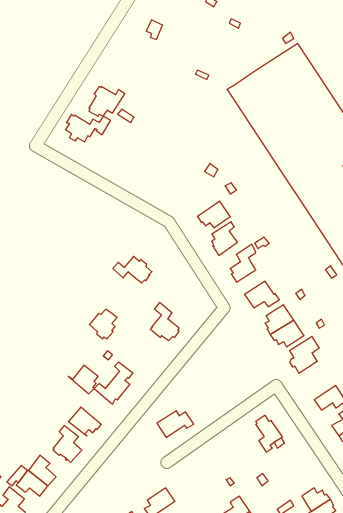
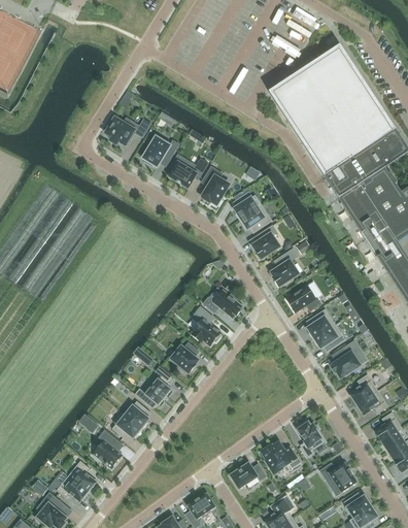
building: [89,87,125,116] -> [143,136,179,166]
building: none -> [169,154,208,188]
building: none -> [203,166,230,204]
building: none -> [234,191,262,220]
building: [113,256,152,283] -> [204,291,243,318]
building: [89,309,117,339] -> [172,342,200,372]
building: [68,365,98,394] -> [122,400,151,429]
building: none -> [349,373,378,404]
building: [157,411,194,437] -> [230,462,267,489]
building: none -> [261,441,302,473]
building: none -> [320,462,358,492]

